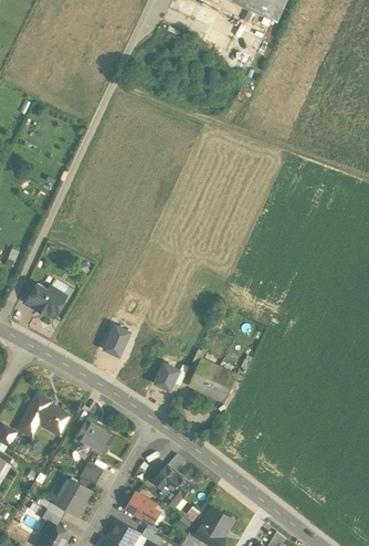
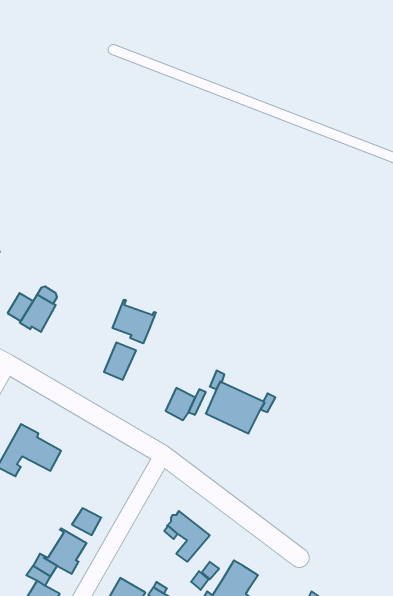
building: none -> [112,300,156,343]
building: [78,419,115,456] -> none
building: [127,493,158,524] -> none

